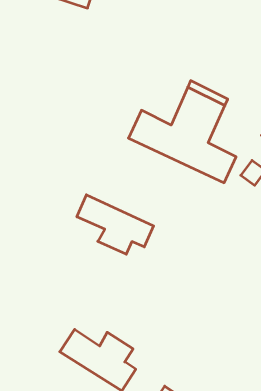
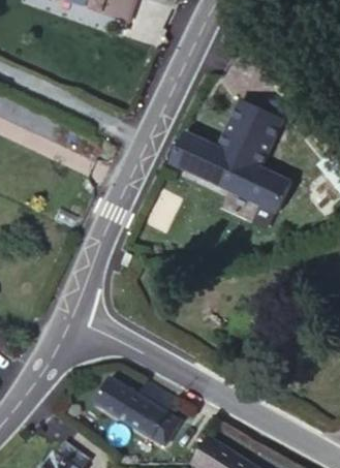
building: [77,195,154,254] -> none

